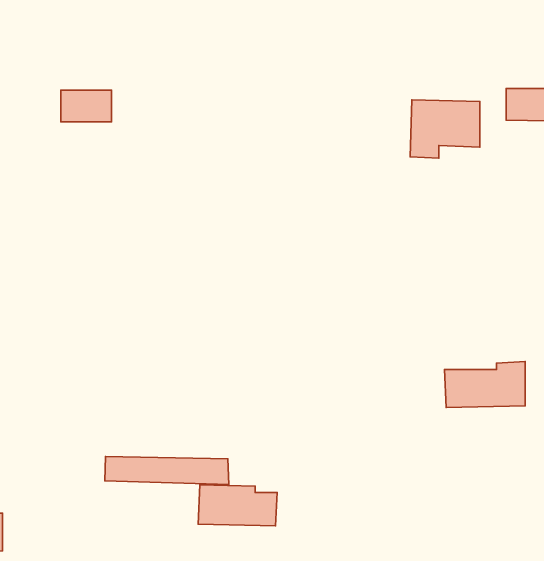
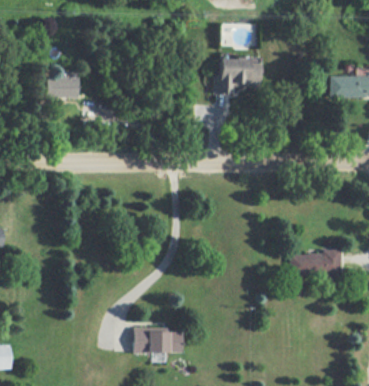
building: [410,100,480,158] -> [218,57,262,94]
building: [105,456,229,485] -> none

